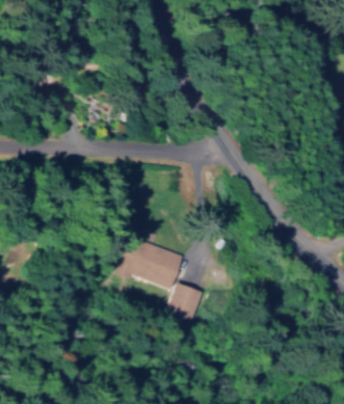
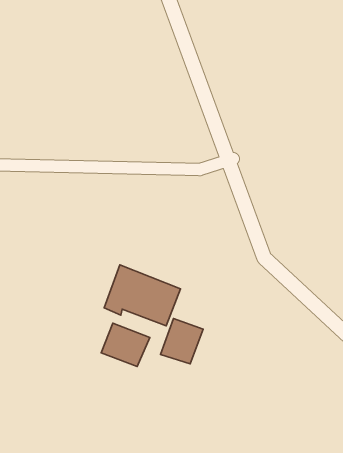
building: none -> [101,323,150,366]

